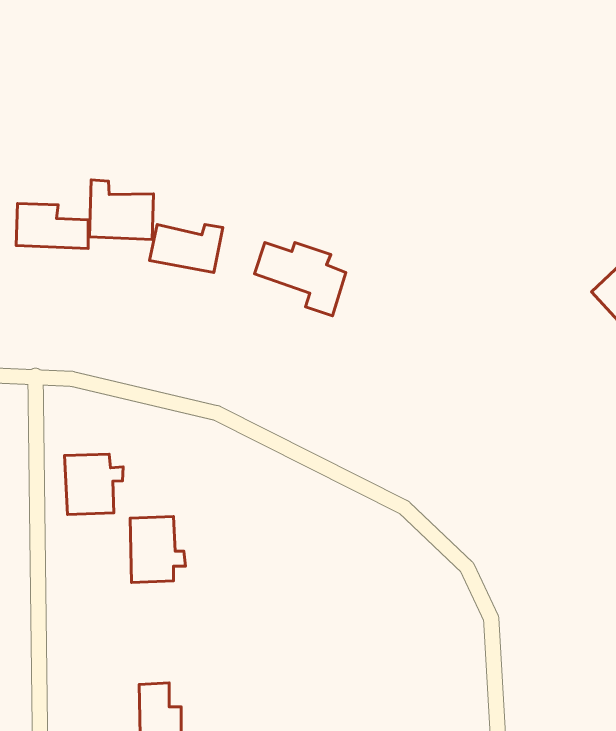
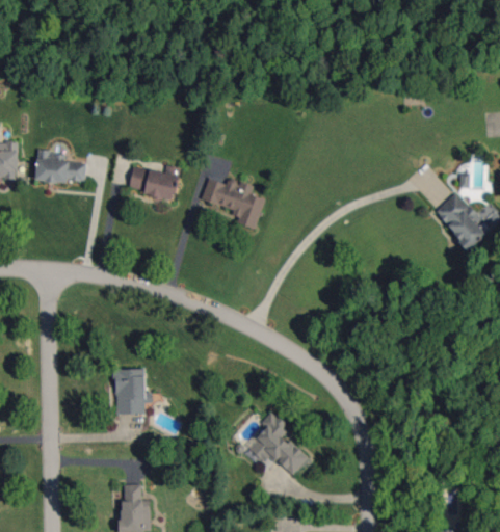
building: [89,180,153,239] -> none
building: [65,454,123,515] -> none
building: none -> [248,411,308,476]

